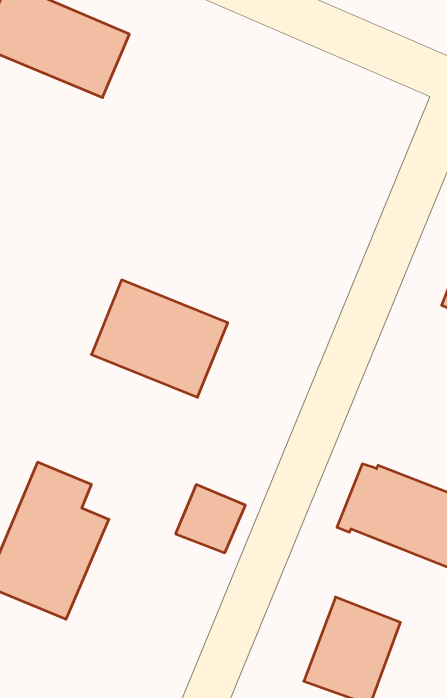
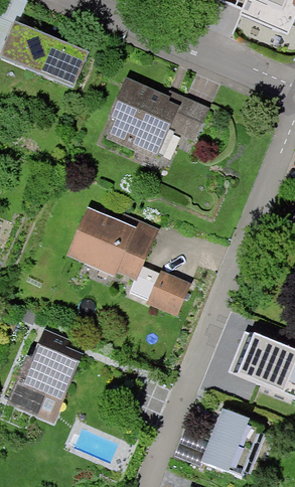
building: none -> [96,75,207,173]
building: [176,485,245,553] -> [145,276,189,319]

